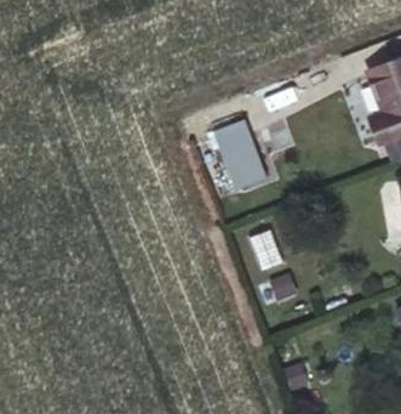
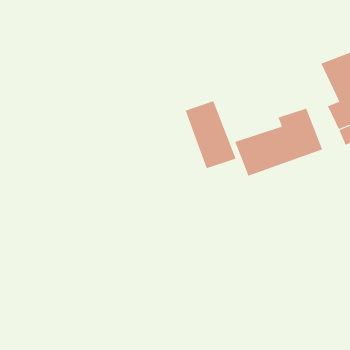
building: none -> [235,108,323,176]

